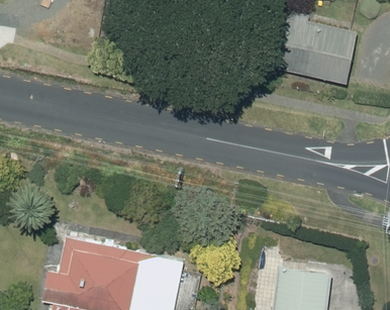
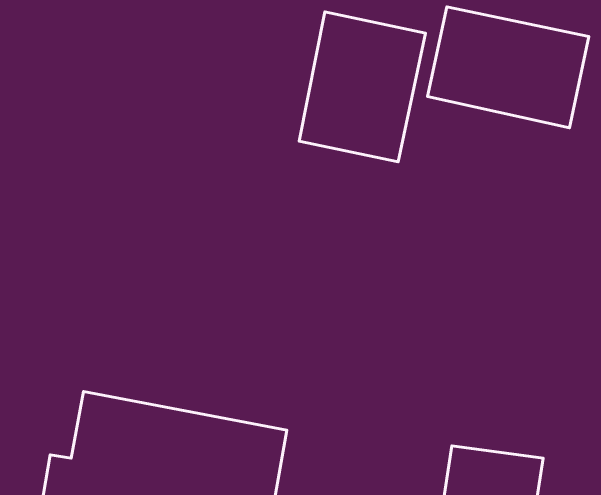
building: none -> [299,12,425,162]

